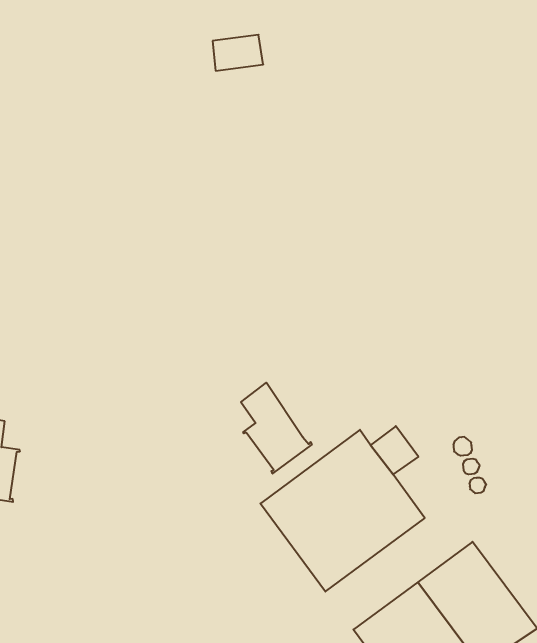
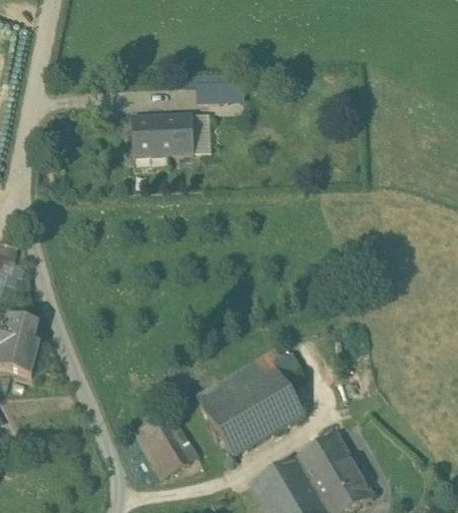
building: none -> [132,112,194,156]
building: [241,383,312,474] -> none
building: none -> [135,413,191,476]

